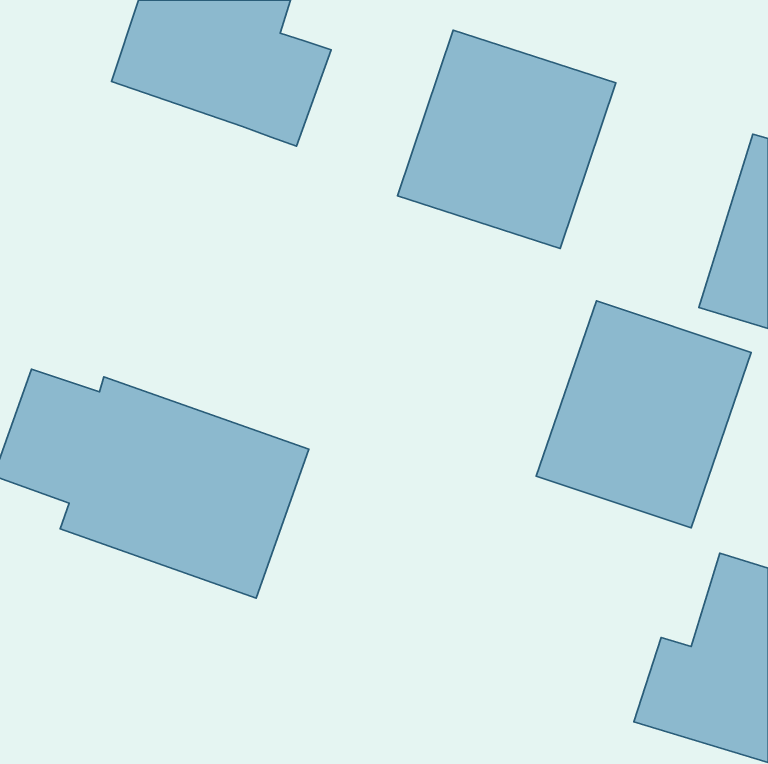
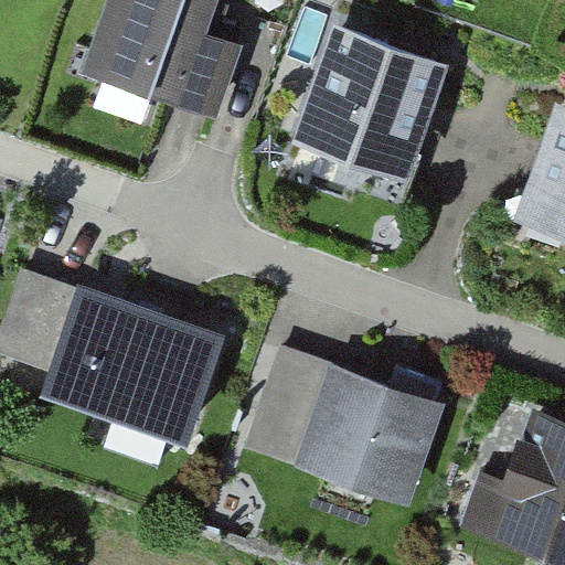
building: [536,301,751,528] -> none
building: none -> [245,350,444,504]

